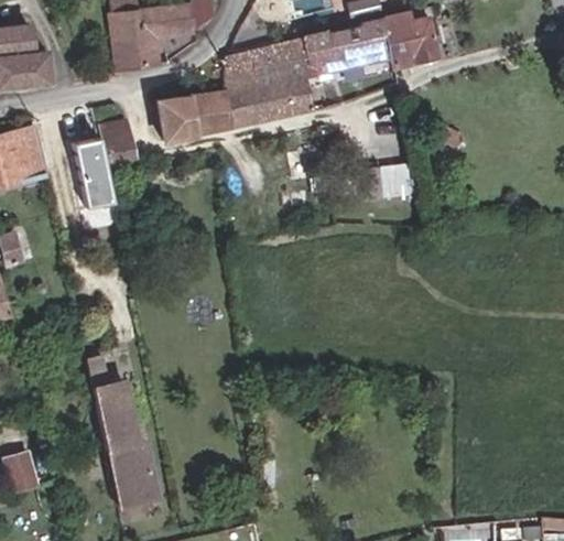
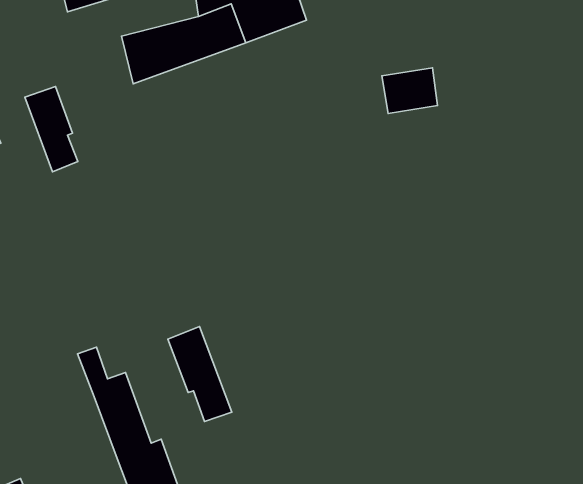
building: [102,119,137,166] -> none
building: none -> [168,327,232,421]

